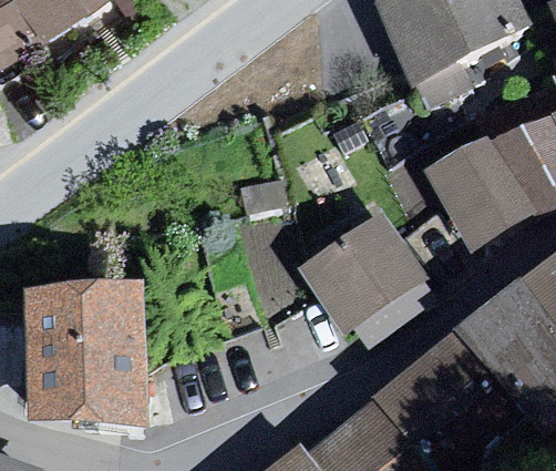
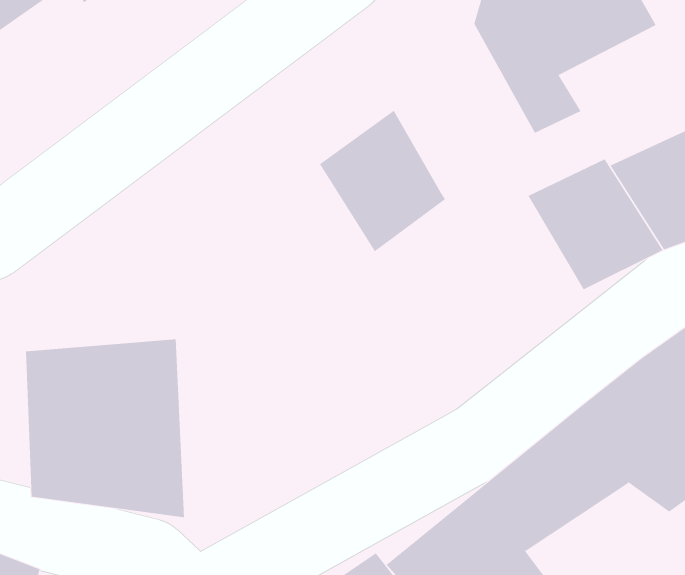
building: none -> [319,110,446,252]
building: [302,214,440,336] -> none

